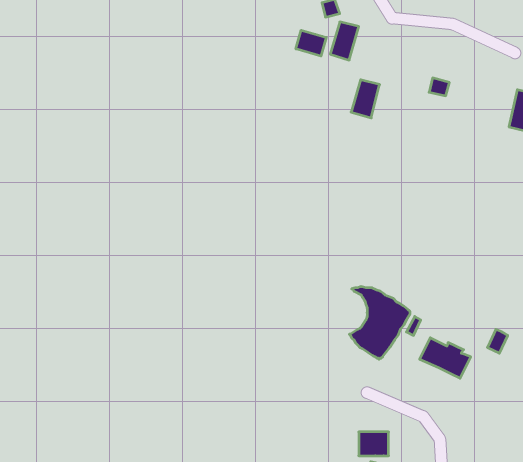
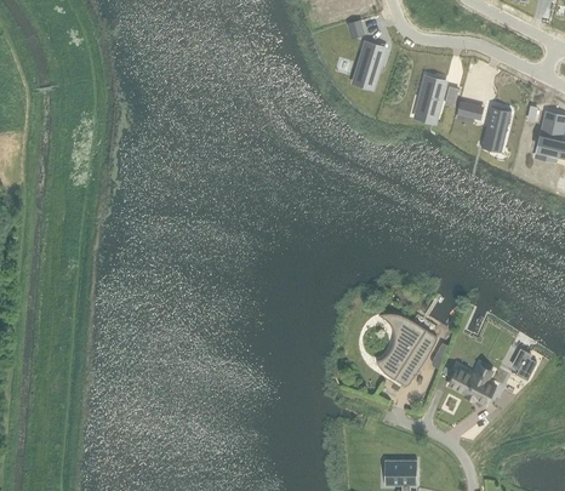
building: [296,30,326,56] -> none
building: [351,80,380,118] -> [416,76,445,115]
building: none -> [481,105,510,145]

